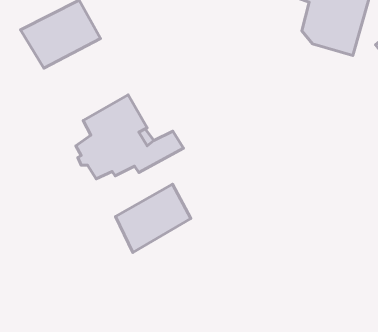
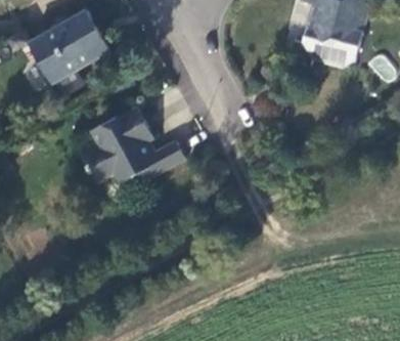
building: [116,184,191,253] -> none

